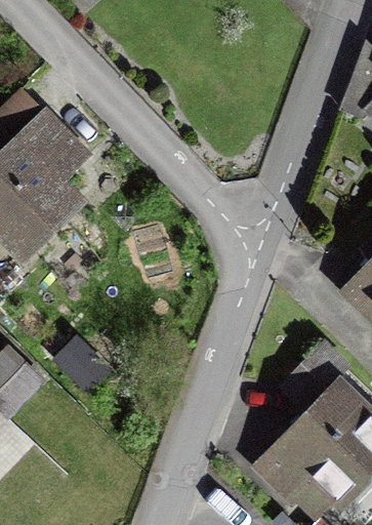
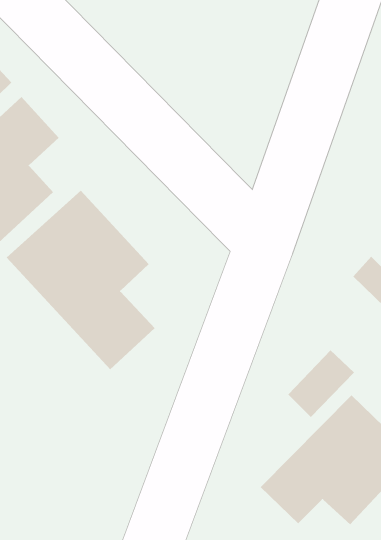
building: none -> [6,190,155,370]

